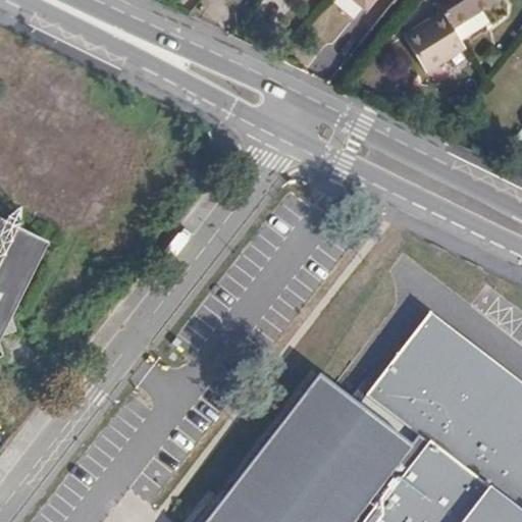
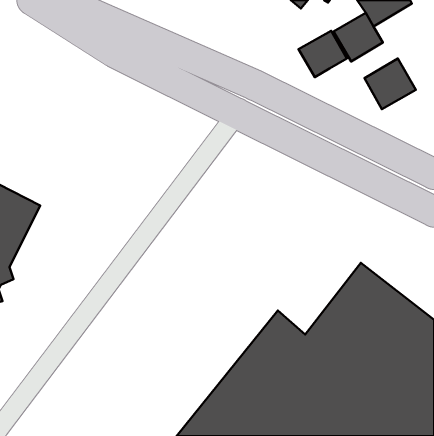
building: none -> [299,31,347,77]
building: none -> [364,59,416,109]

